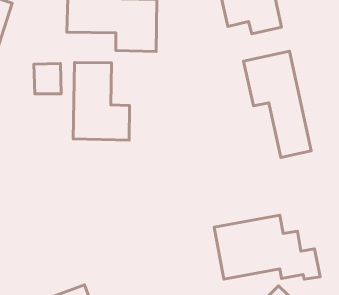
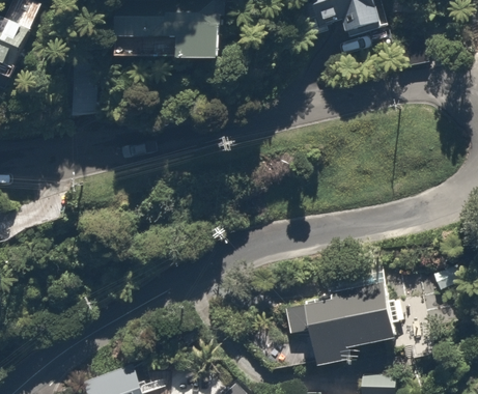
building: [244,51,311,158] -> none
building: [73,62,130,140] -> none

